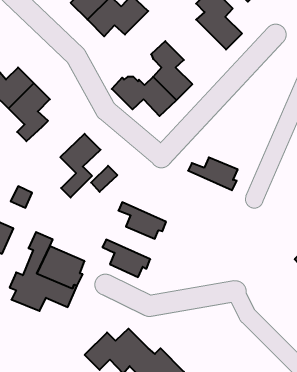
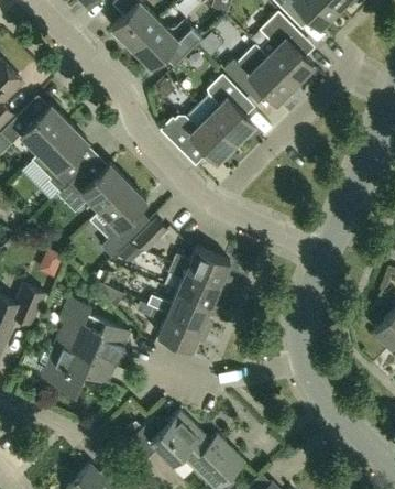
building: none -> [223,56,294,102]
building: none -> [57,164,128,210]
building: [188,157,238,190] -> [172,248,230,286]
building: none -> [147,292,210,330]

